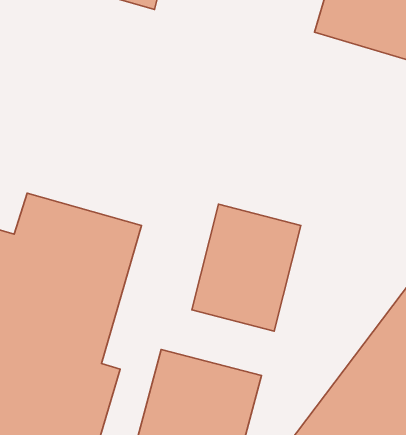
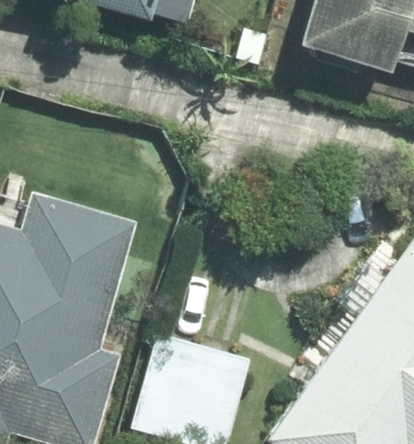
building: [192,204,301,331] -> none

